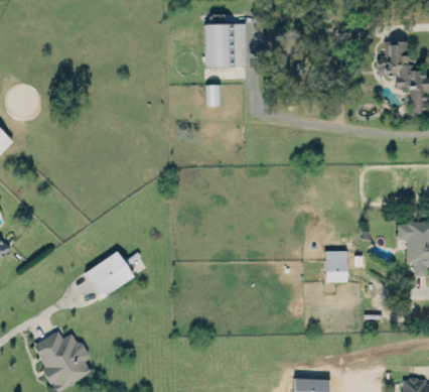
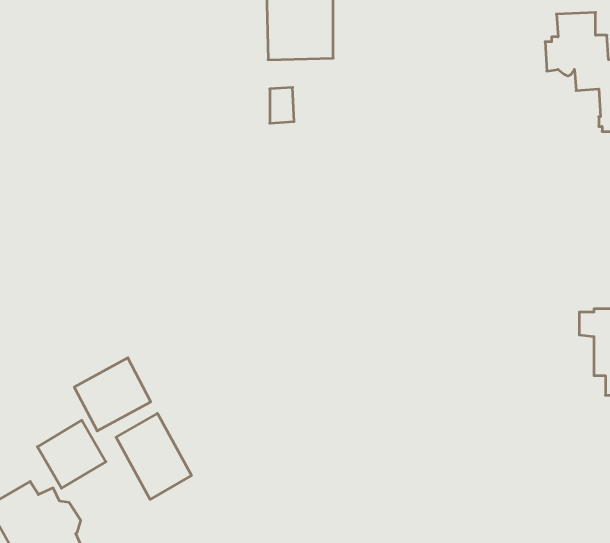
building: [325,251,347,282] -> none
building: none -> [116,413,191,499]
building: none -> [37,420,106,488]

